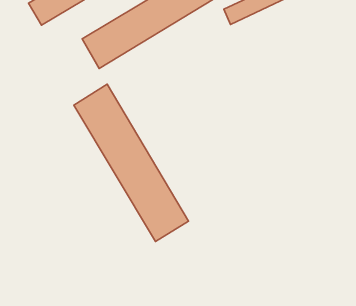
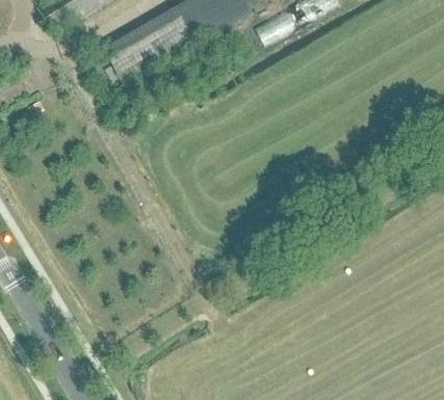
building: [74,84,188,241] -> none

